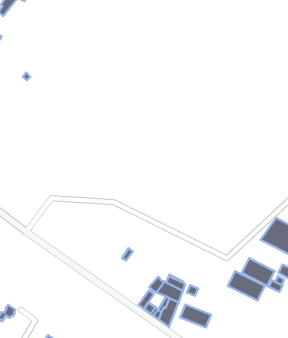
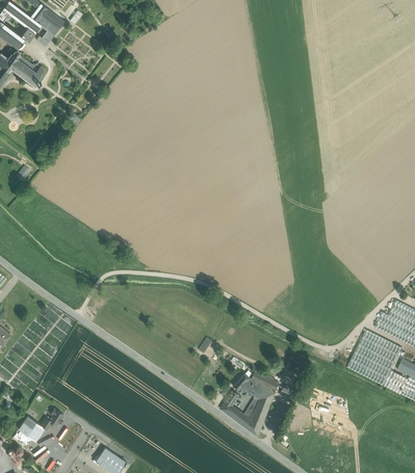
building: [228,271,265,301] -> [356,327,403,365]
building: [180,305,211,328] -> none

